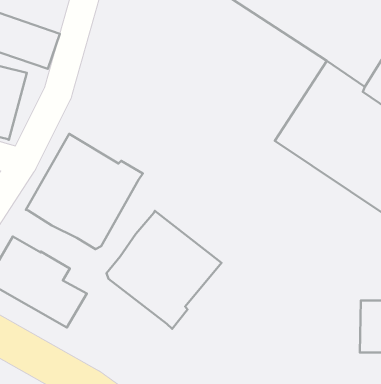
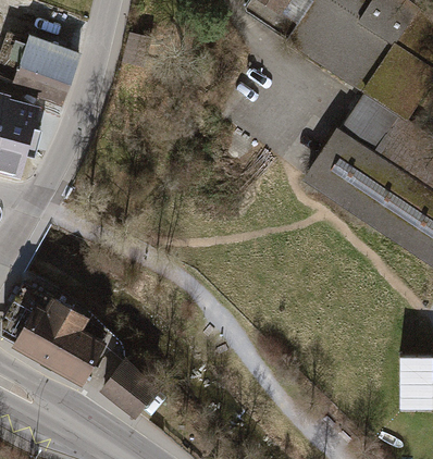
building: [26,134,143,249] -> none
building: [107,211,221,329] -> none
building: none -> [108,359,163,412]

